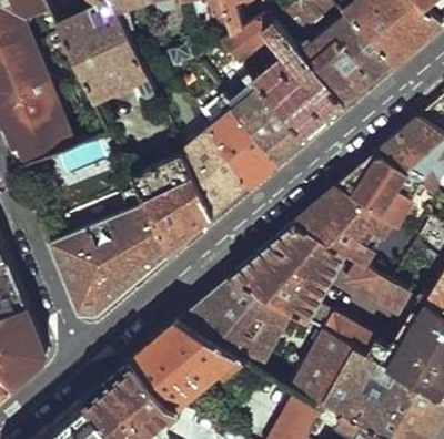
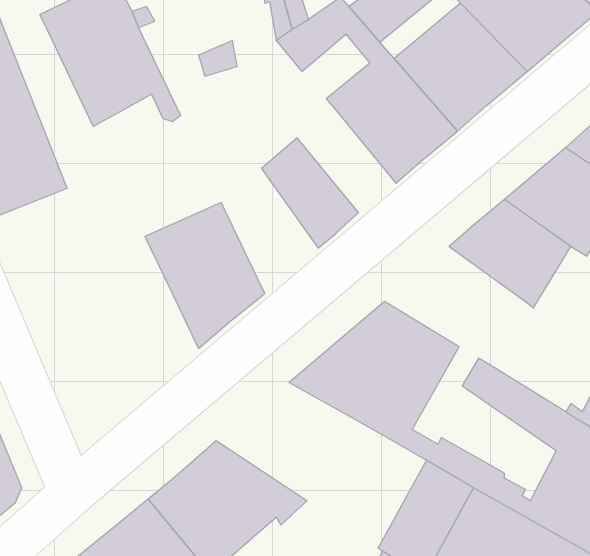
building: [235,91,303,162] -> none
building: [183,132,250,217] -> none
building: [295,185,392,266] -> none
building: [50,206,168,316] -> none
building: [180,278,287,368] -> none

